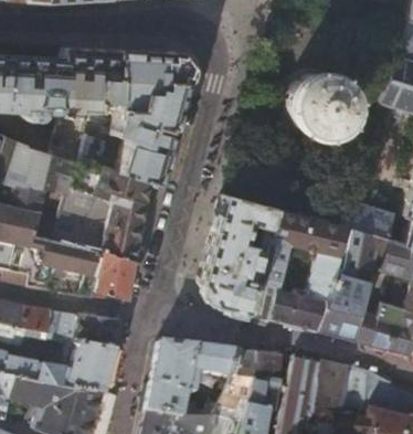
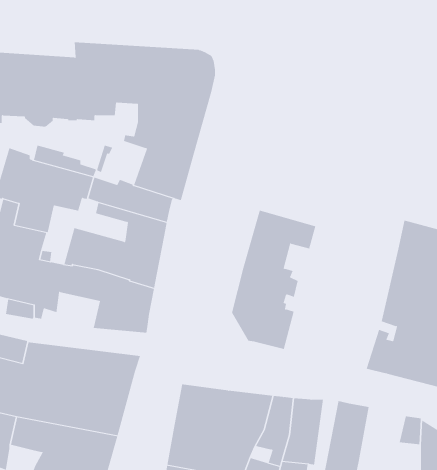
building: [277,66,350,139] -> none
building: [248,207,347,330] -> none
building: [314,363,349,411] -> none

